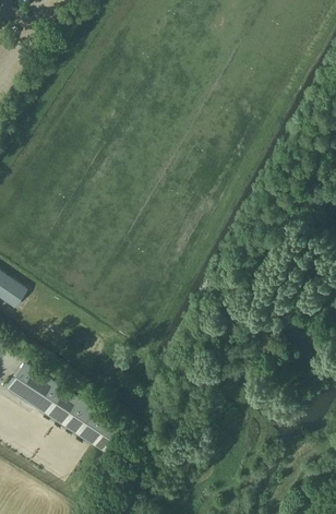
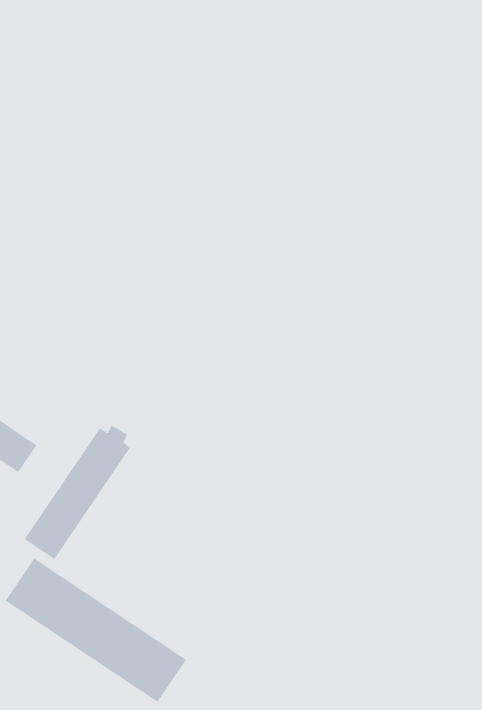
building: none -> [24,424,130,560]

